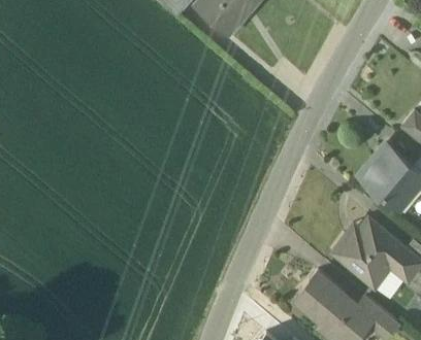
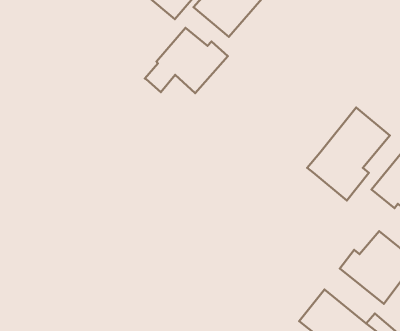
building: none -> [145,28,228,93]
building: none -> [307,107,390,200]

